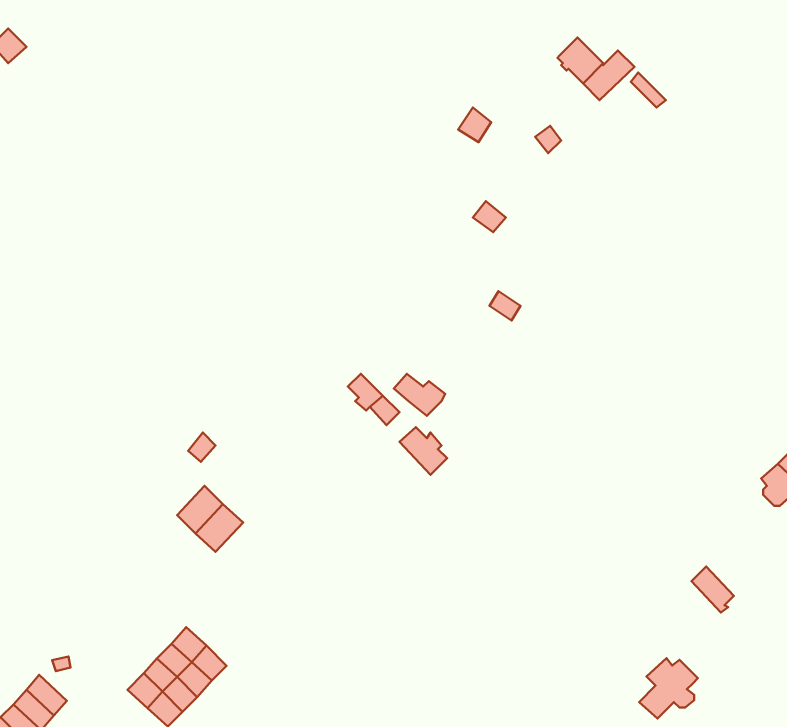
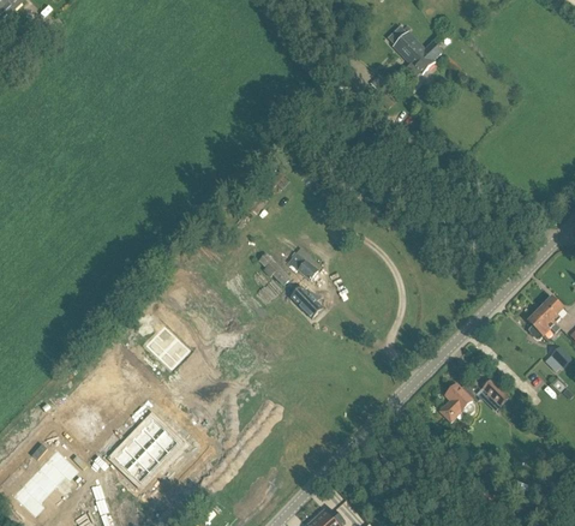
building: [639,658,698,719] -> [438,382,477,422]

